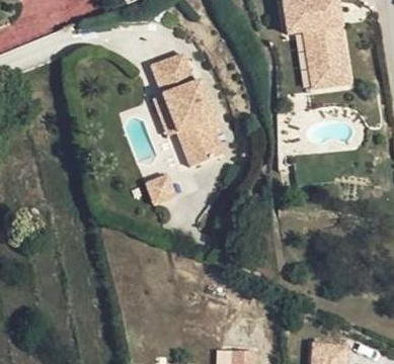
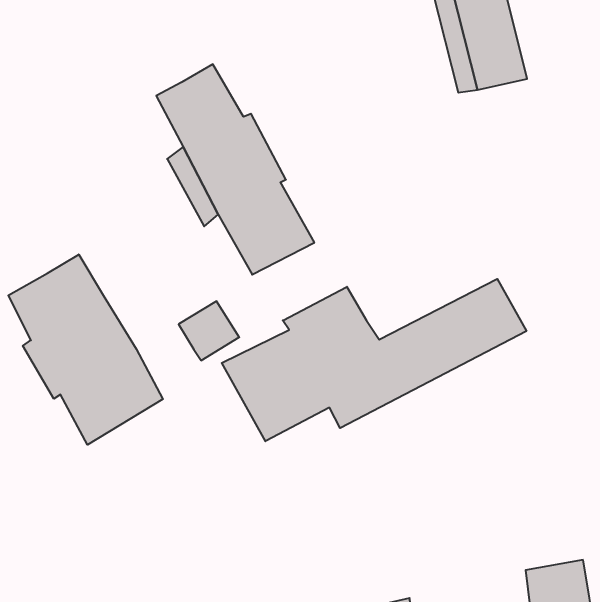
building: none -> [8,254,163,445]
building: none -> [222,279,526,441]

